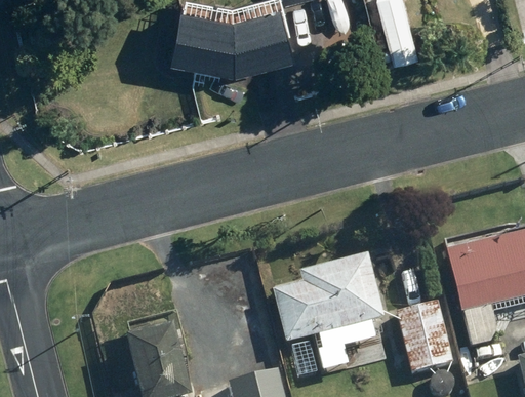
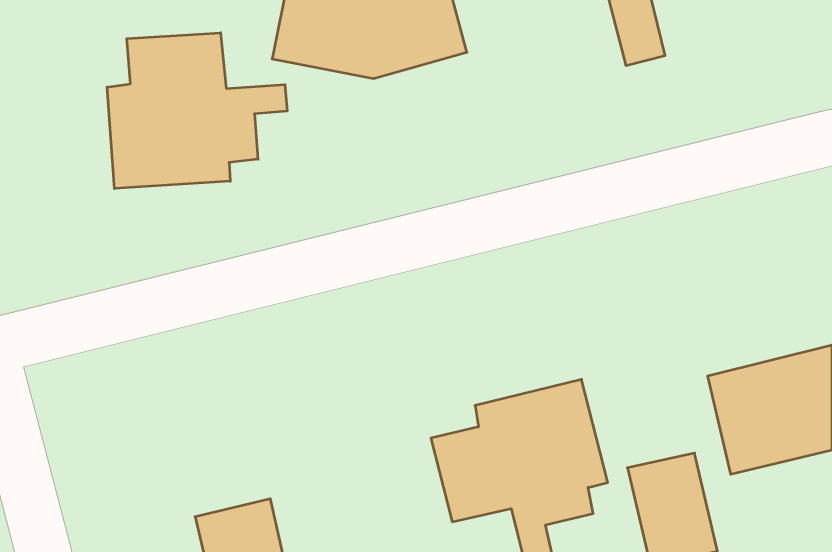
building: none -> [107,33,287,189]

